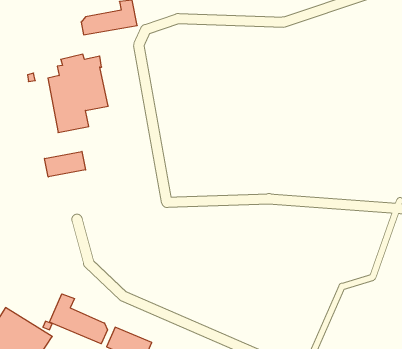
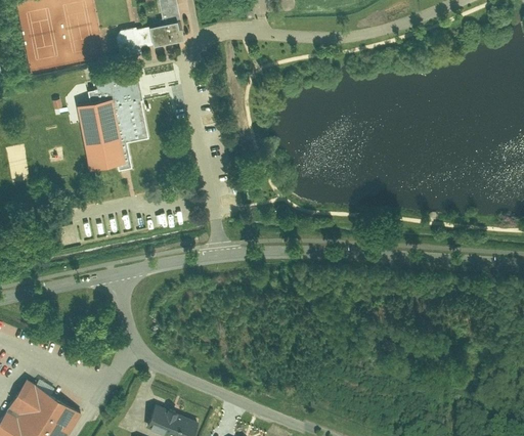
building: [45,151,86,177] -> none
building: [49,294,107,344] -> none

